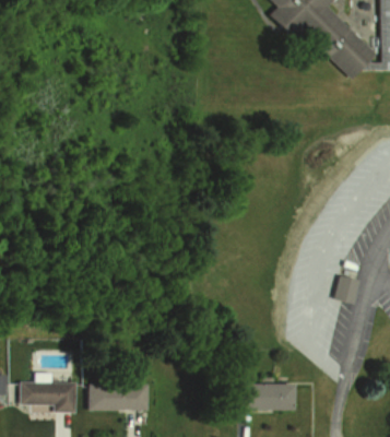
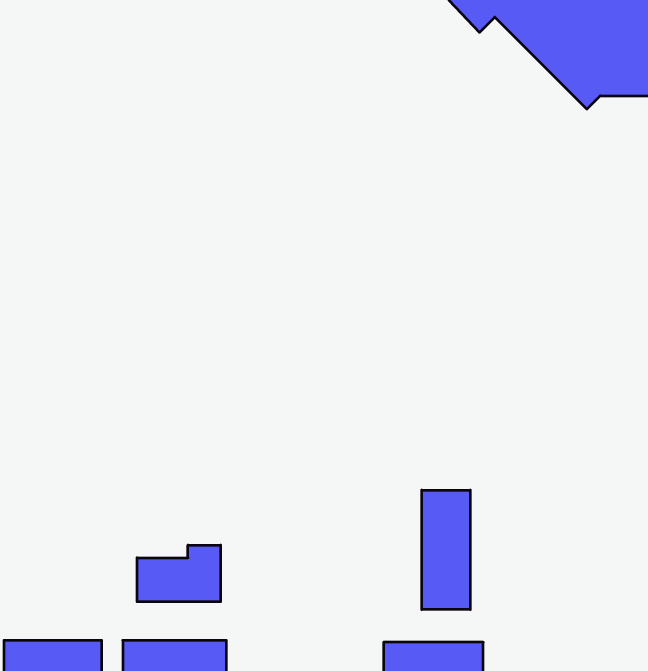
building: none -> [422,490,470,610]
building: none -> [137,545,221,602]

